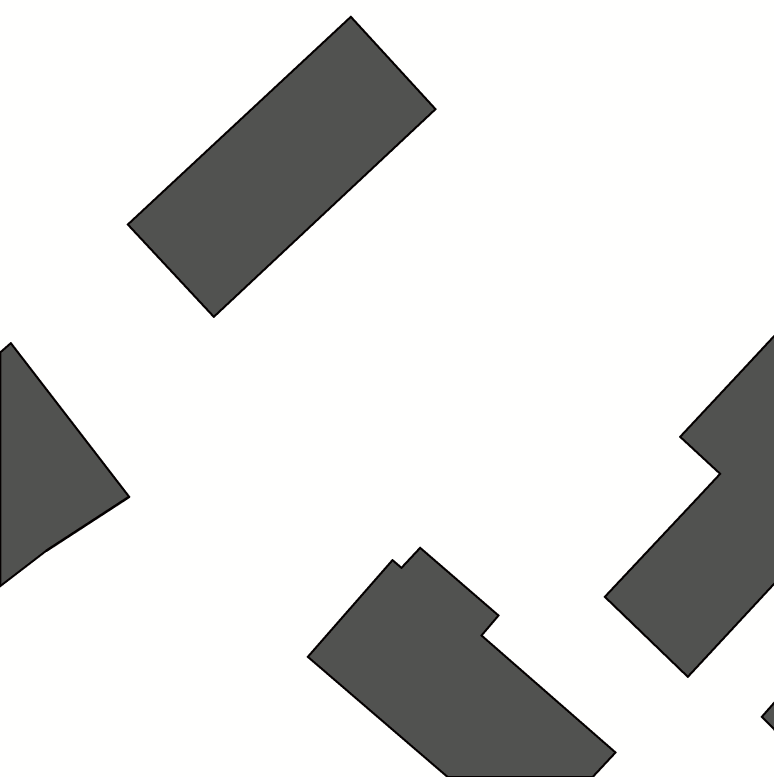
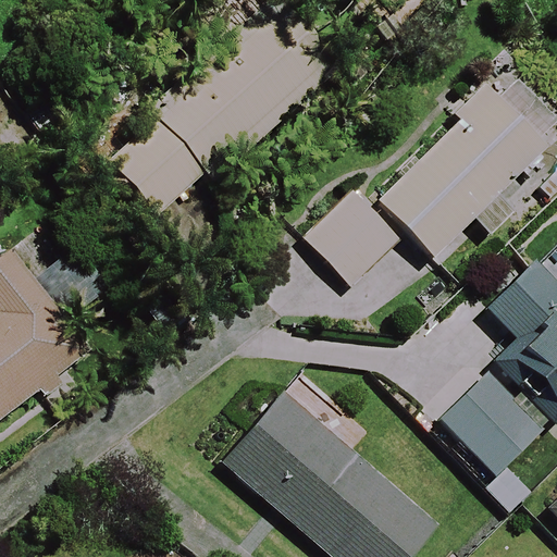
building: none -> [305,82,546,294]

